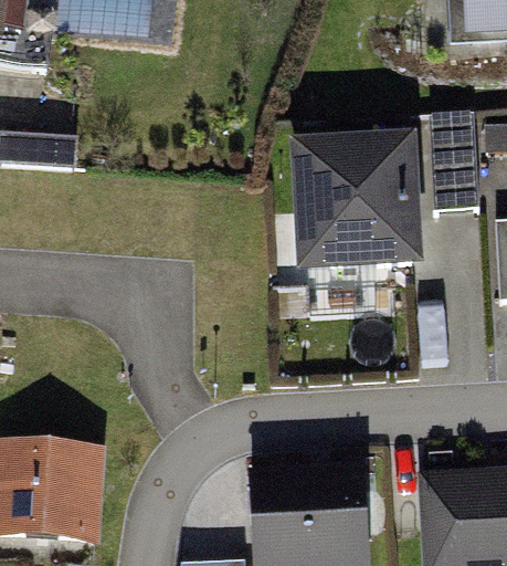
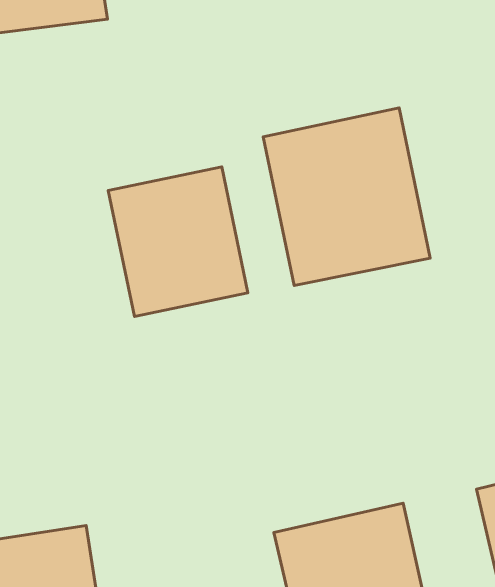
building: [427,117,478,202] -> none
building: none -> [108,167,248,316]

